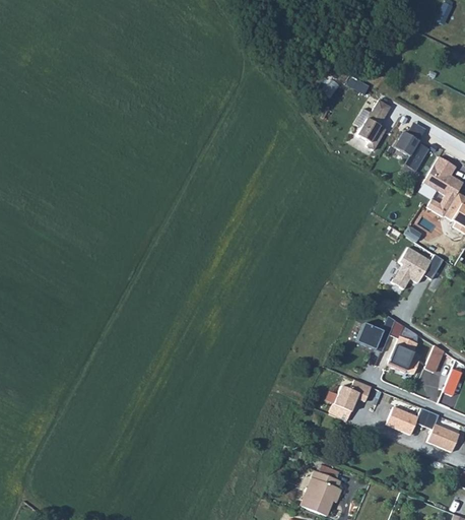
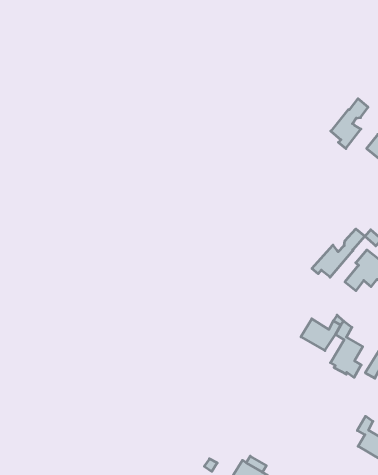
building: none -> [312,229,365,277]
building: [334,379,372,411] -> none
building: [387,406,430,434] -> none

